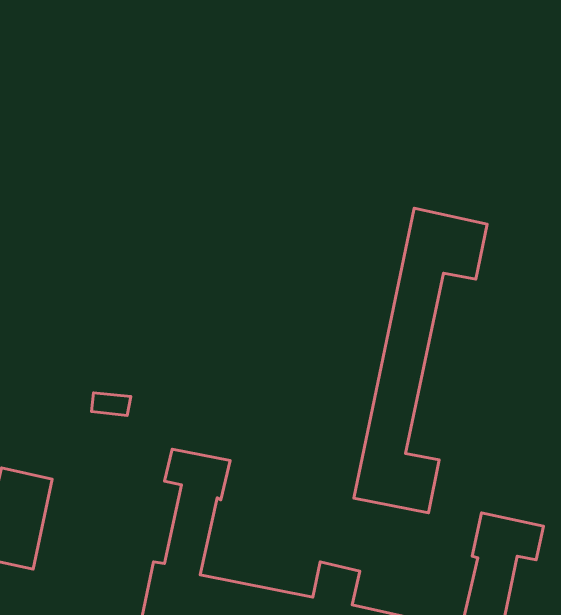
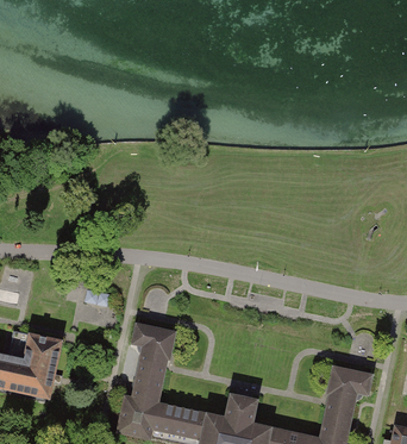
building: [354,208,487,513] -> none

